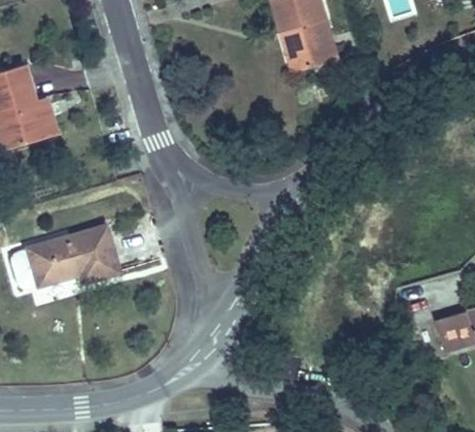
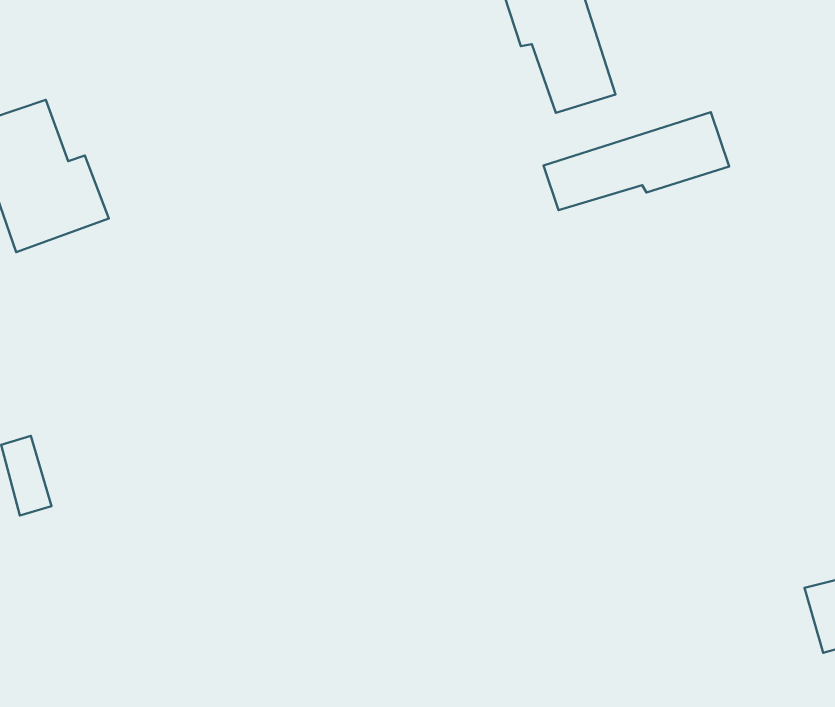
building: none -> [544,112,729,210]
building: [27,223,117,284] -> none

